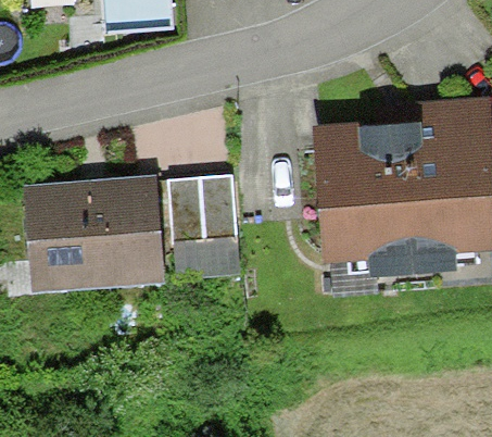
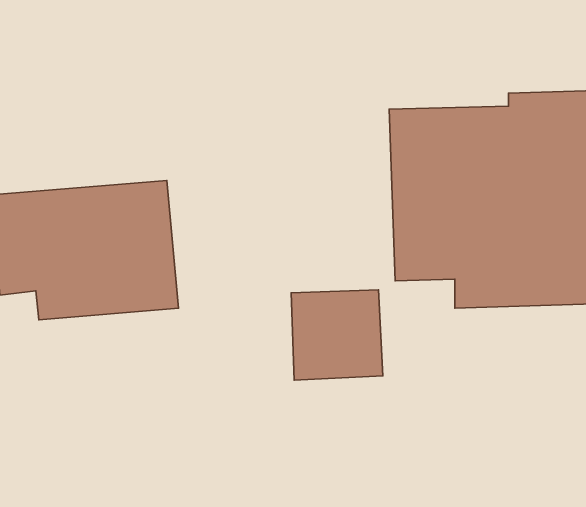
building: [173,189,241,257] -> [291,290,383,380]

